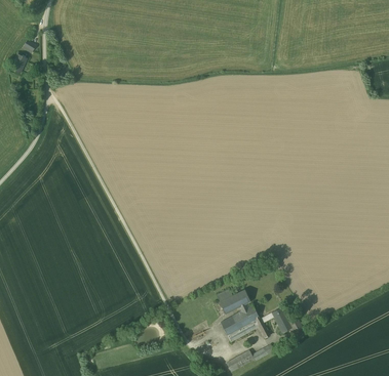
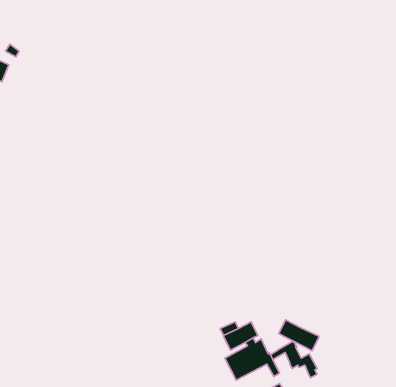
building: none -> [279,320,319,351]

